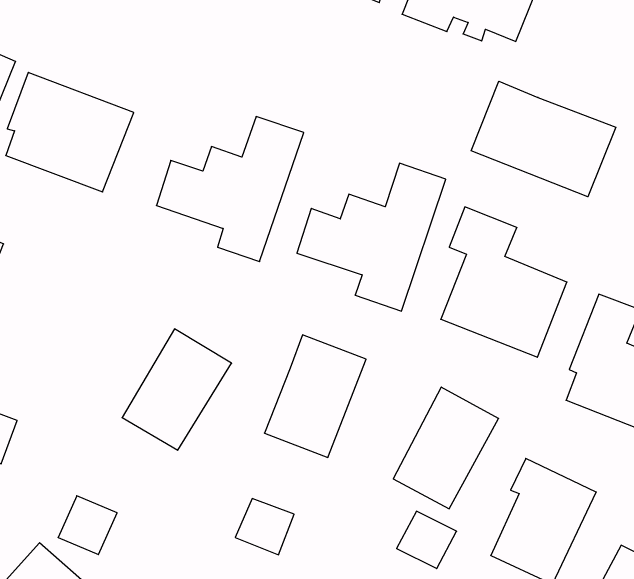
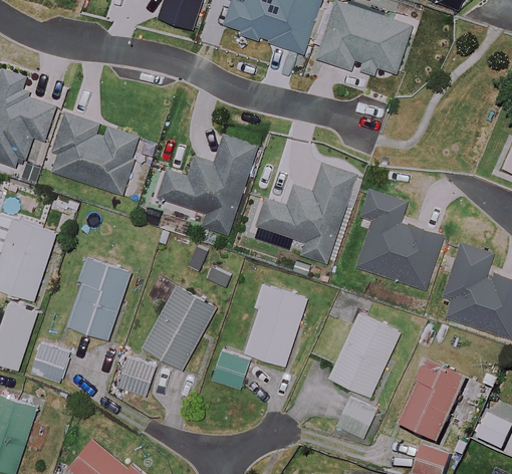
building: [471,81,616,197] -> none
building: none -> [66,257,131,339]
building: [58,496,117,555] -> [117,354,157,394]
building: [235,499,294,555] -> [211,351,250,389]

